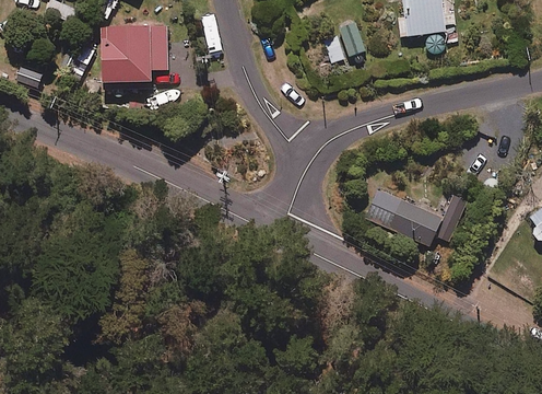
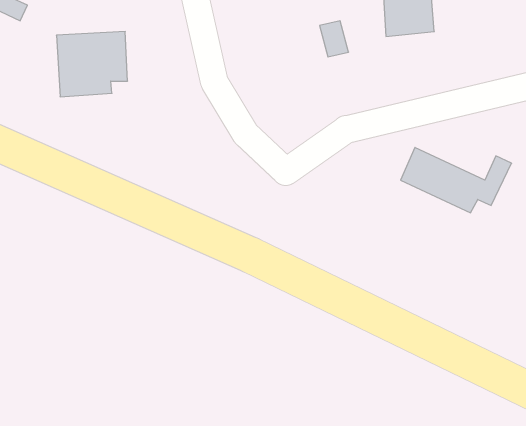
building: [365,187,466,246] -> [401,147,512,213]

